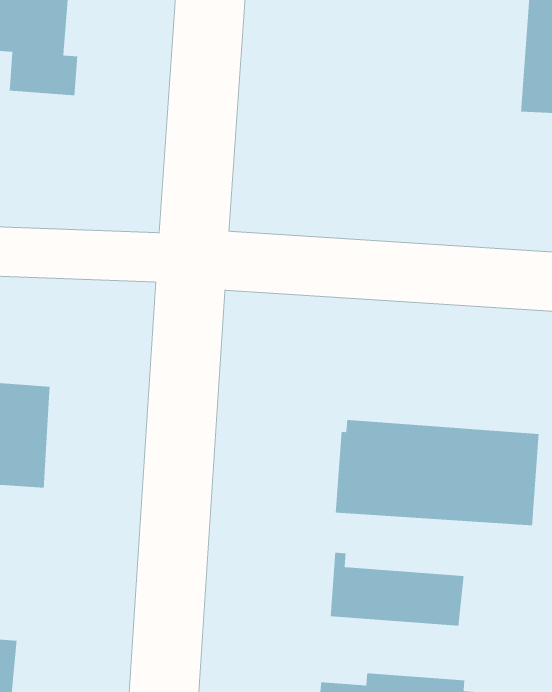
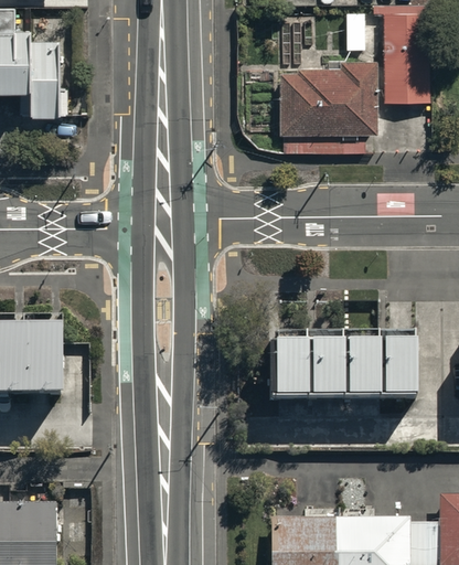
building: none -> [279,62,376,153]
building: [330,552,464,626] -> none

